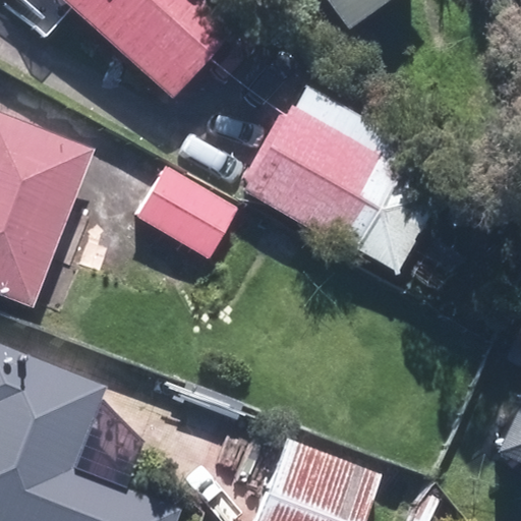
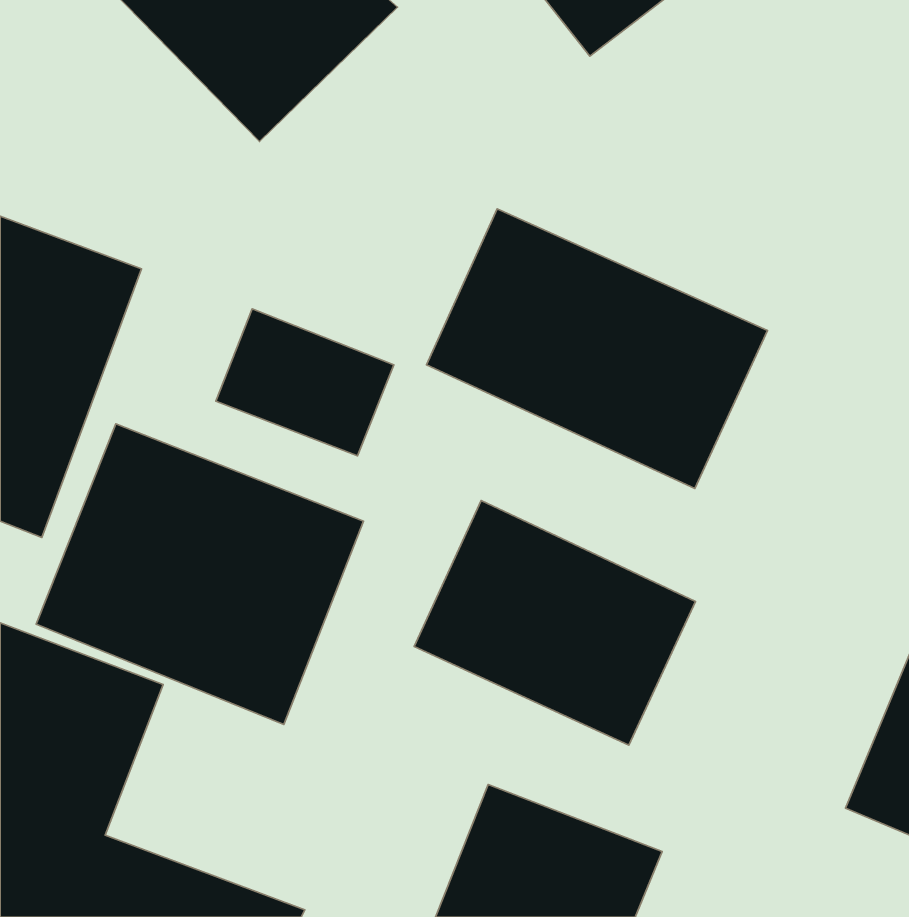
building: none -> [36,424,364,725]
building: none -> [414,500,696,745]

